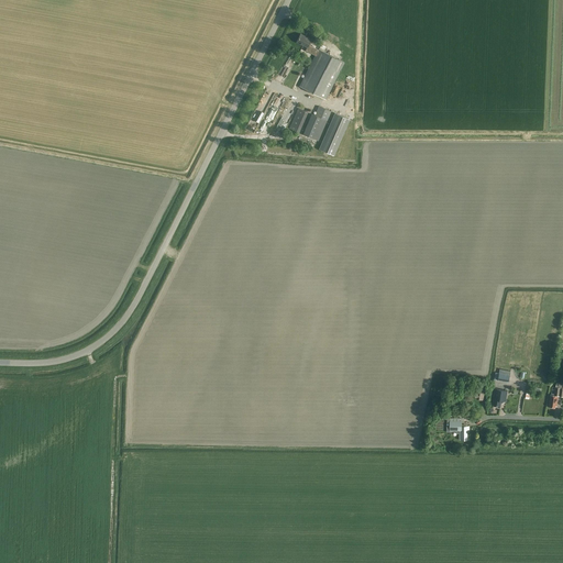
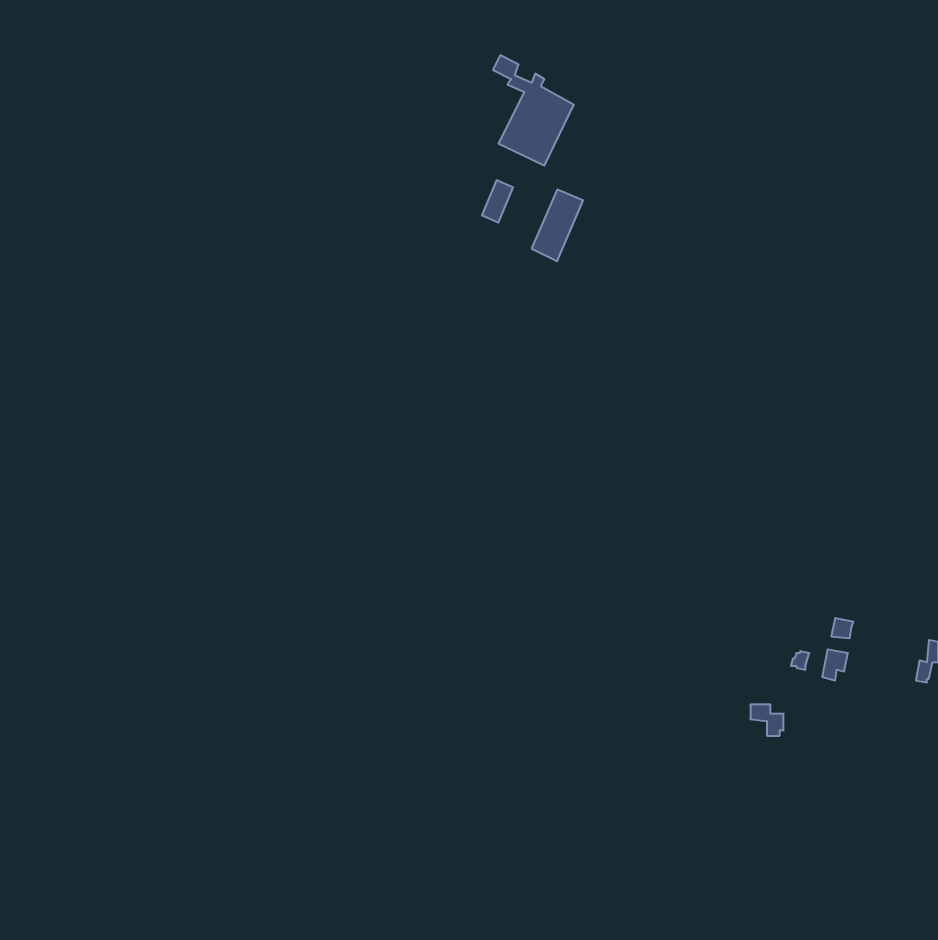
building: [302,107,330,141] -> none

